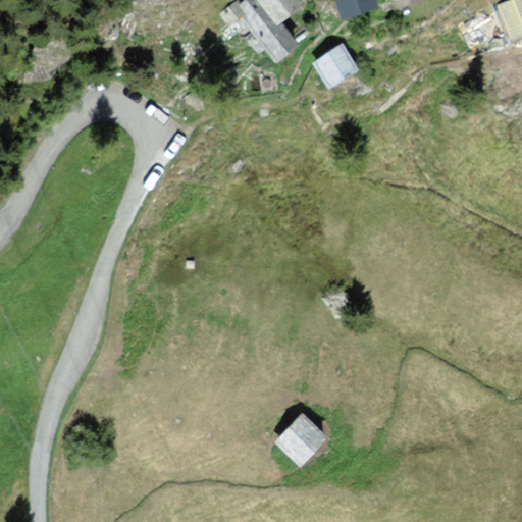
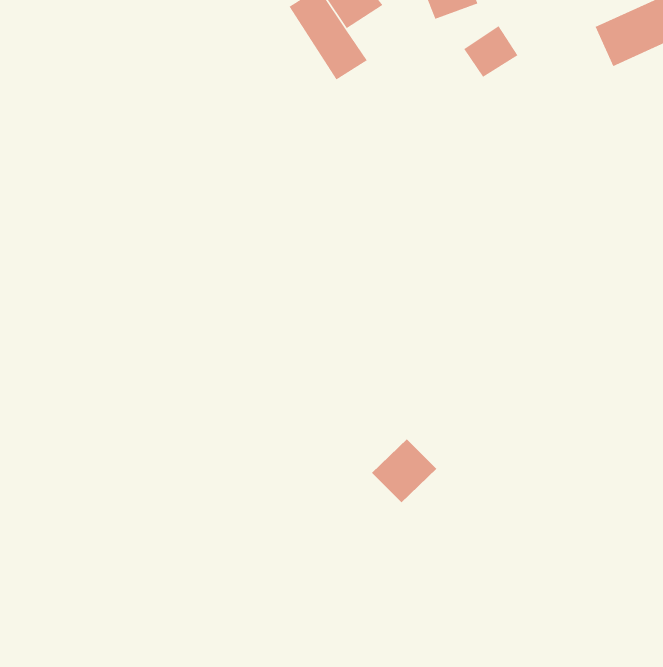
building: [315,42,358,83] -> [463,25,519,78]
building: [276,414,327,464] -> [371,438,437,503]

